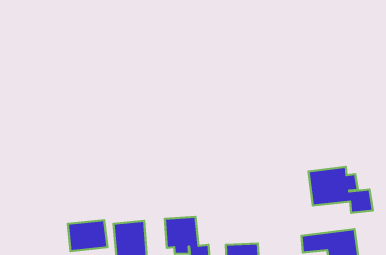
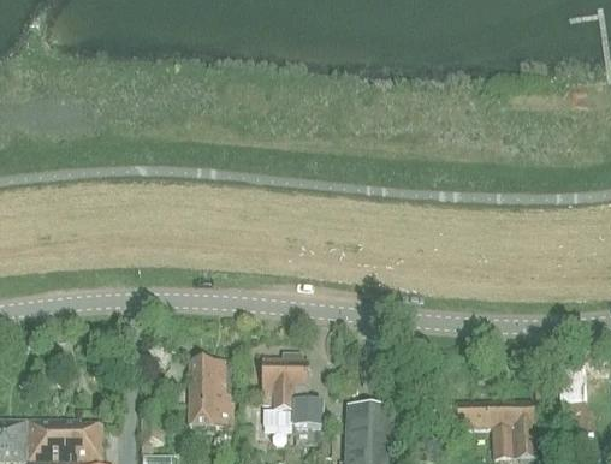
building: [308,167,373,213] -> none
building: [68,220,108,251] -> none

